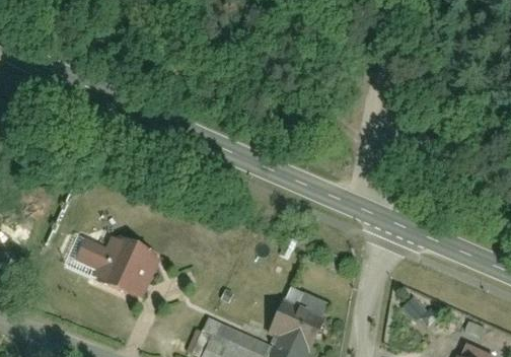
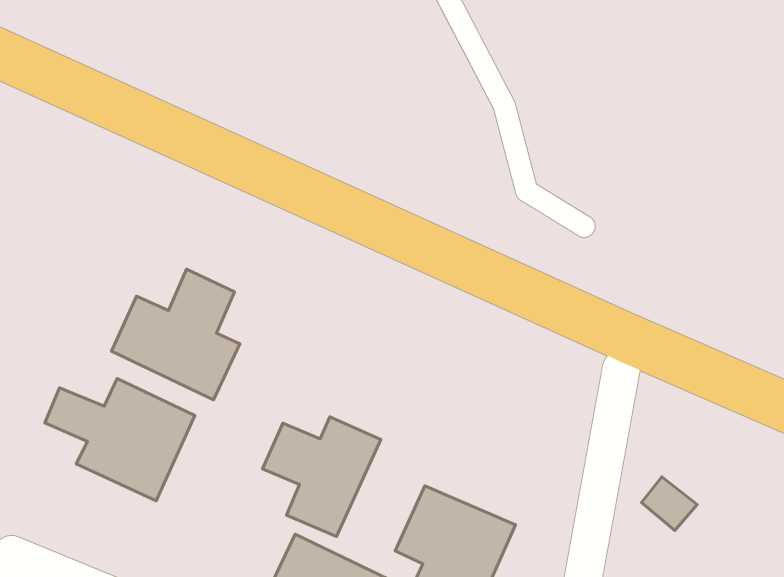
building: none -> [112,269,240,400]
building: none -> [262,417,381,536]

